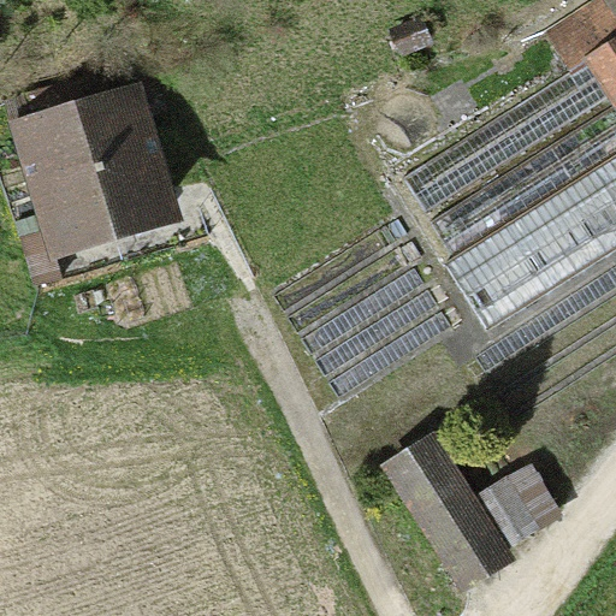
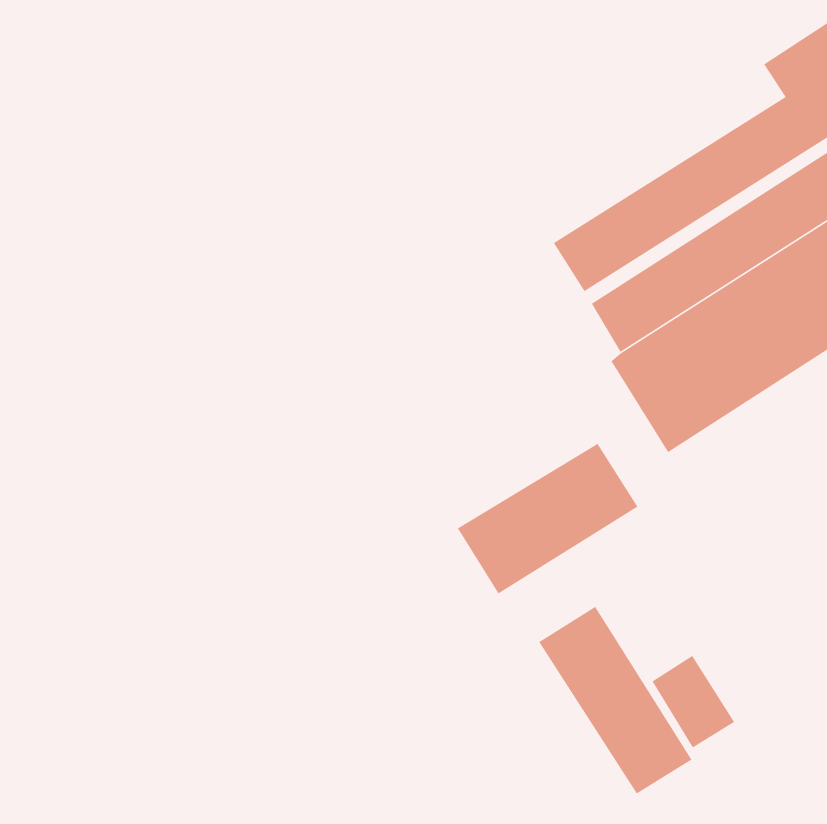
building: [18,75,171,253] -> none
building: none -> [457,443,638,595]

